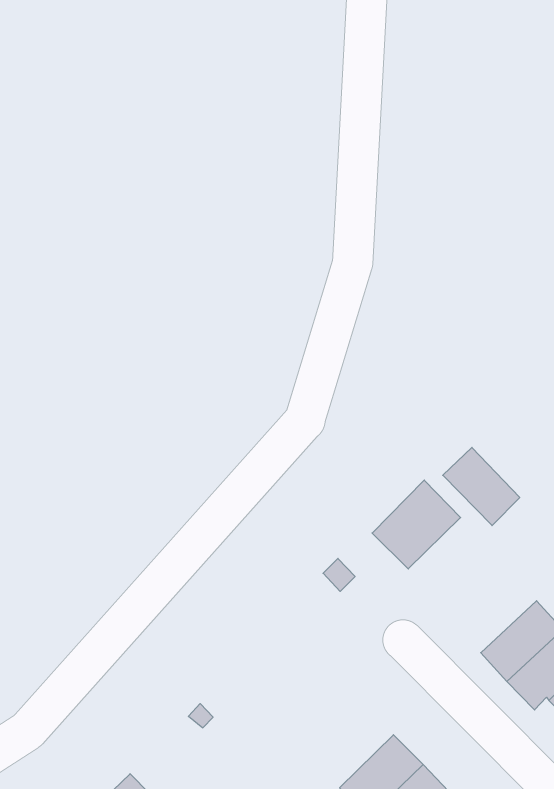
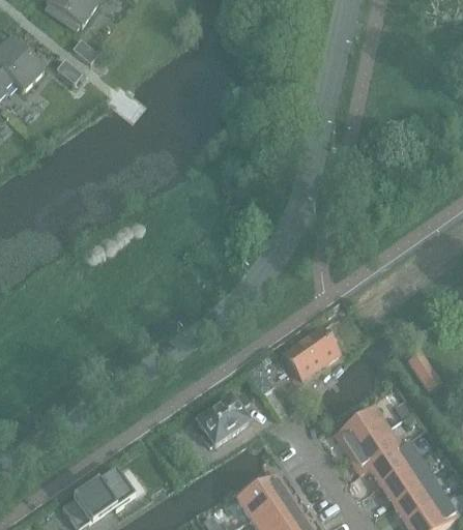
building: [443,447,520,526] -> none
building: none -> [198,392,250,446]

